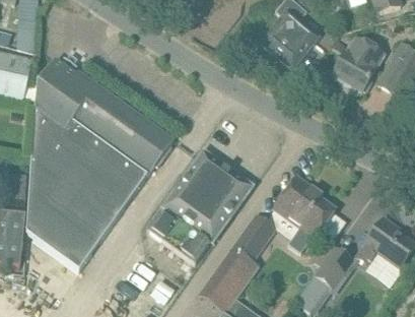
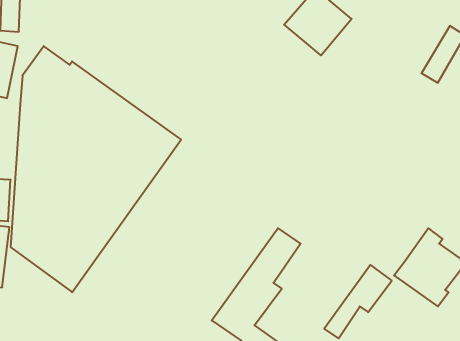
building: [332,37,385,92] -> none
building: [147,150,252,262] -> none
building: [274,175,335,250] -> none

